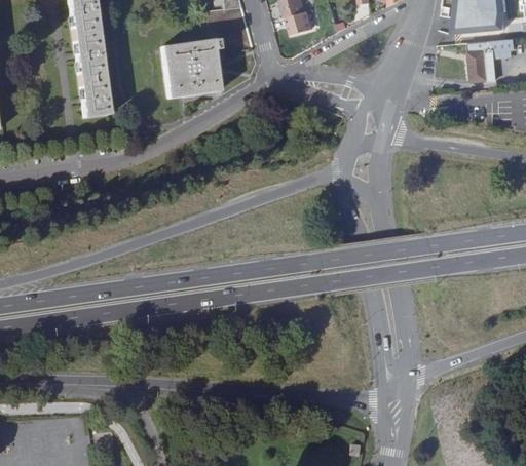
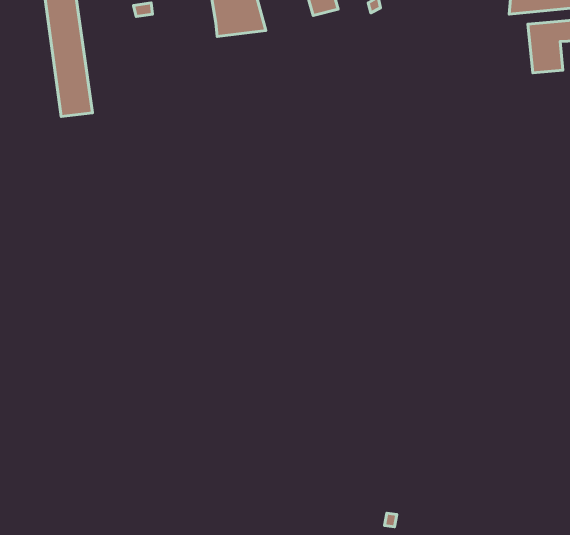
building: [161,40,219,96] -> none

